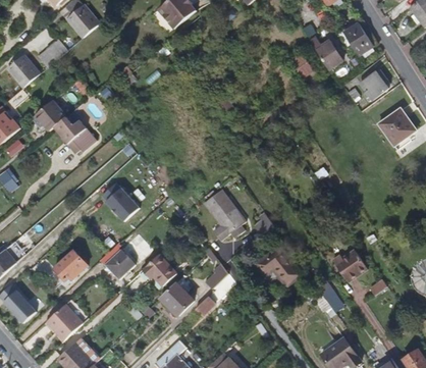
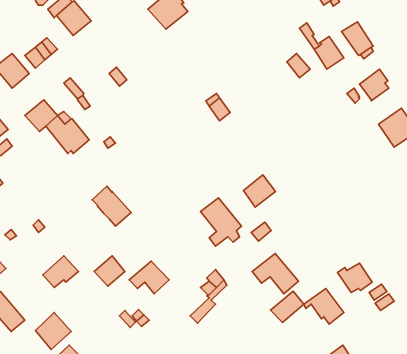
building: none -> [243,175,276,207]
building: [161,281,195,315] -> none
building: none -> [271,291,304,322]

